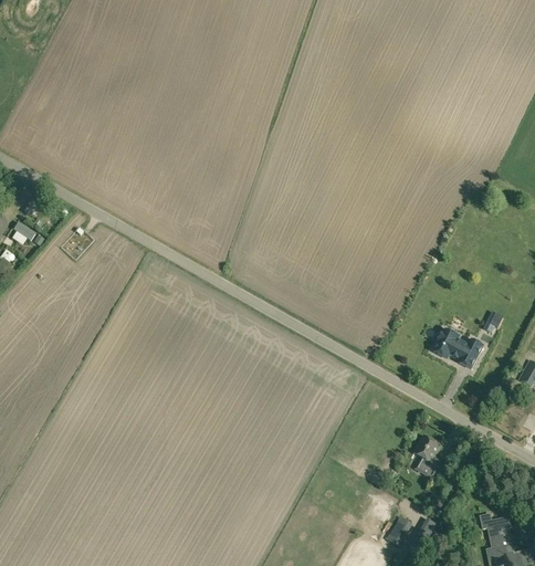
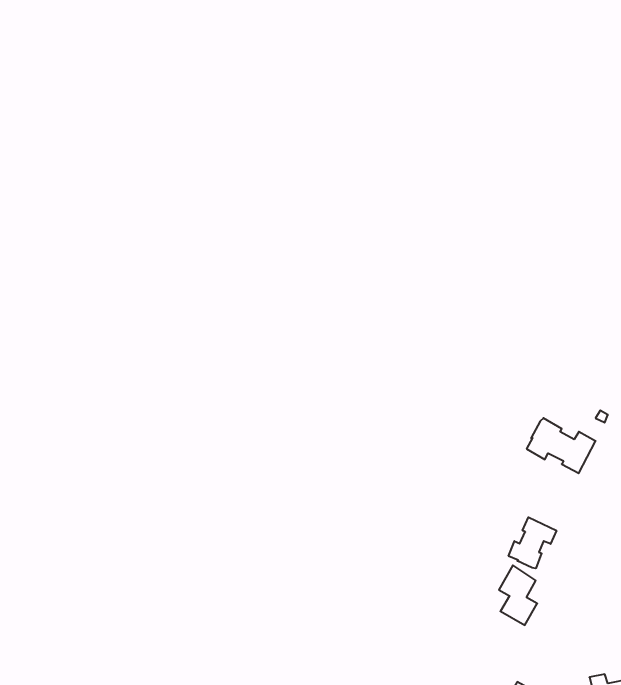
building: none -> [509,517,556,568]

